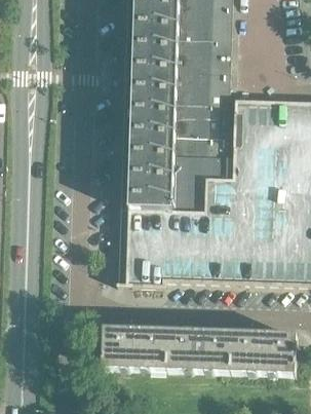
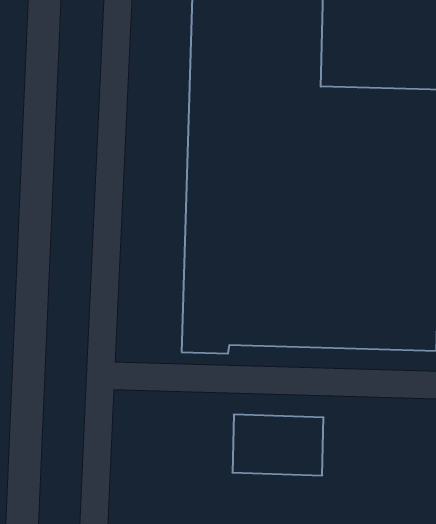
building: [101,328,166,371] -> none
building: [229,332,295,374] -> none

